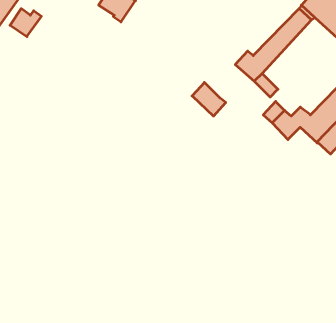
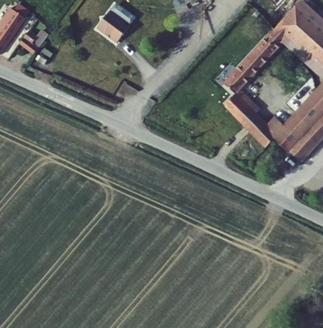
building: [192,82,226,116] -> [222,94,252,124]

